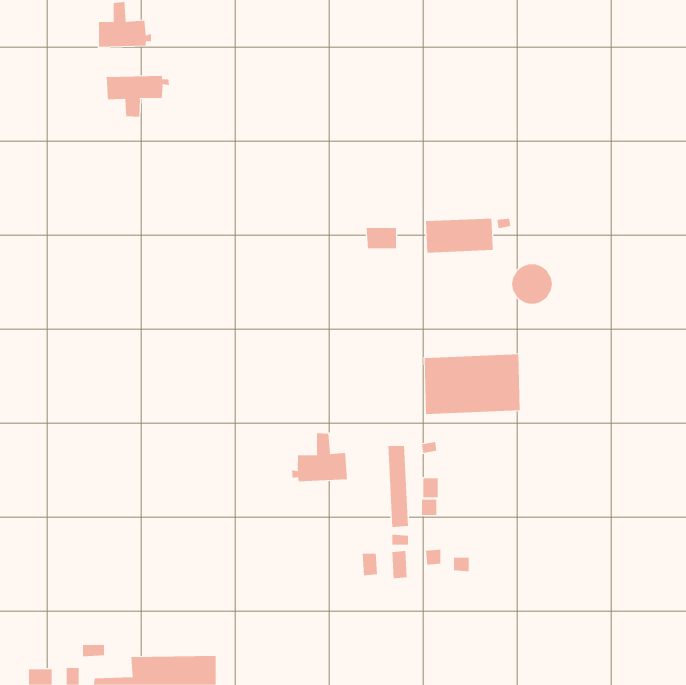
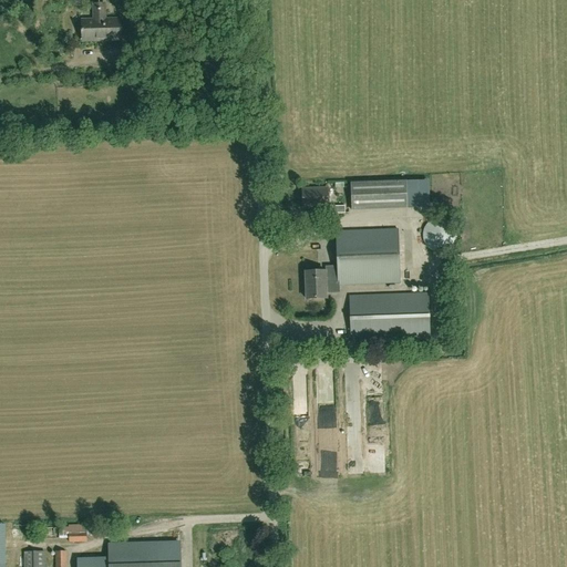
building: [106,75,169,117] -> none
building: none -> [305,228,399,297]
building: [292,433,348,482] -> none

